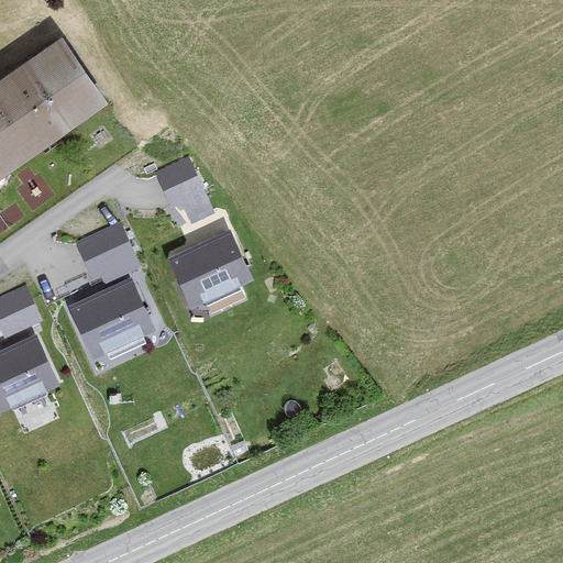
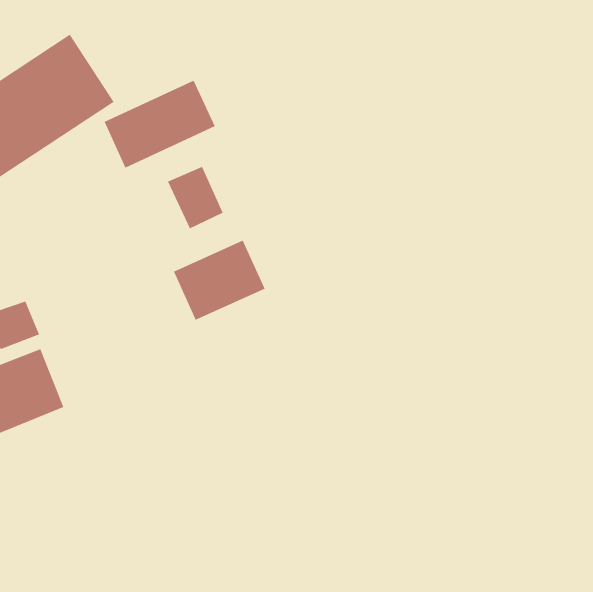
building: none -> [104,80,216,168]
building: [76,225,137,280] -> none
building: [69,277,158,363] -> none

